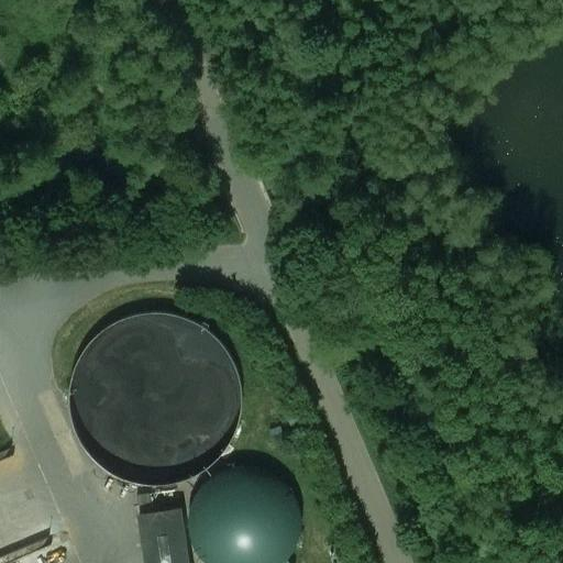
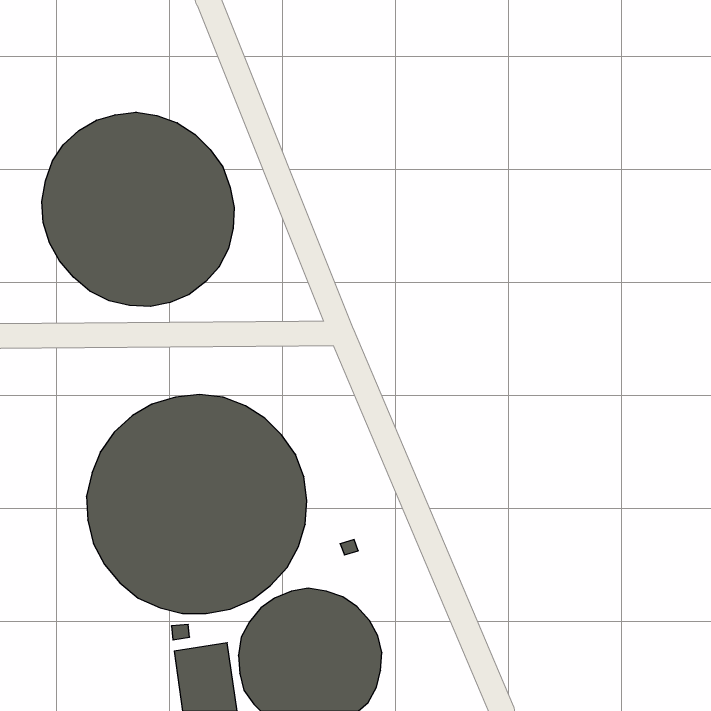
building: none -> [42,112,234,306]

